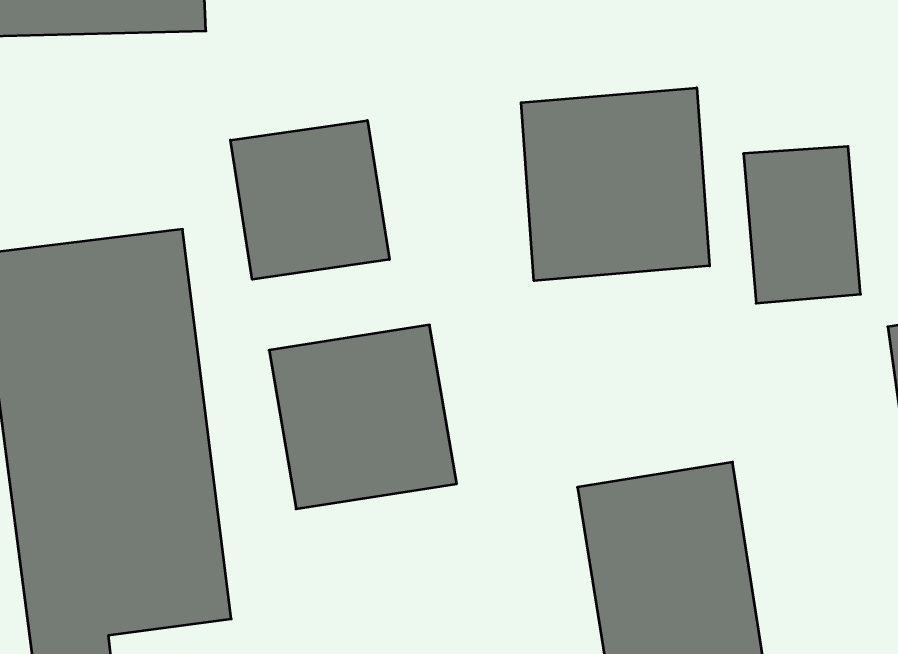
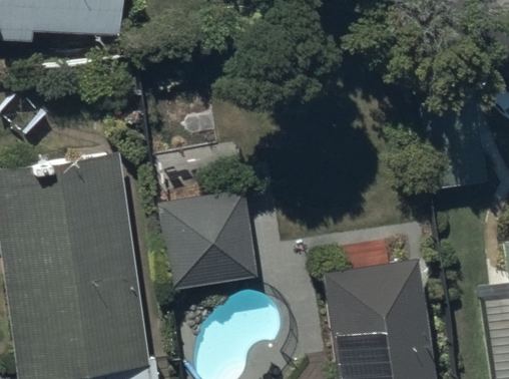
building: [521,88,710,281] -> none
building: [230,120,389,279] -> none

